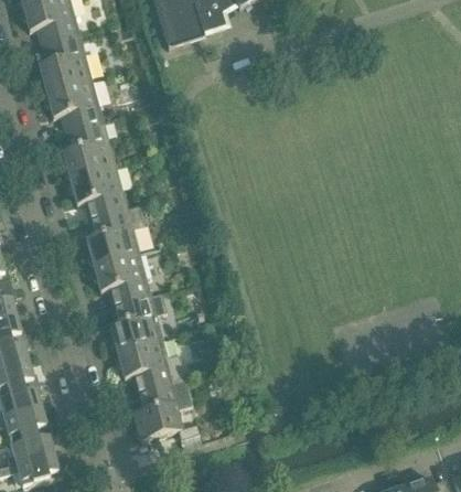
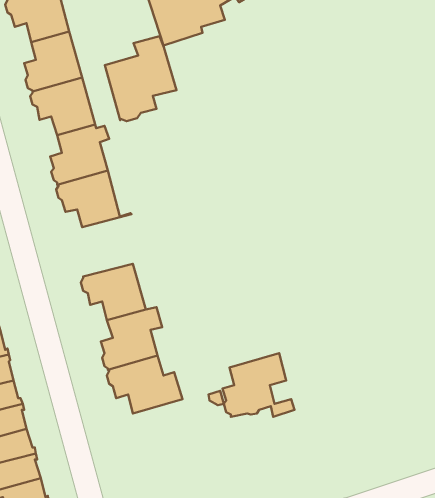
building: none -> [105,36,176,121]
building: [85,205,142,264] -> none
building: [132,378,200,438] -> [223,353,295,417]

